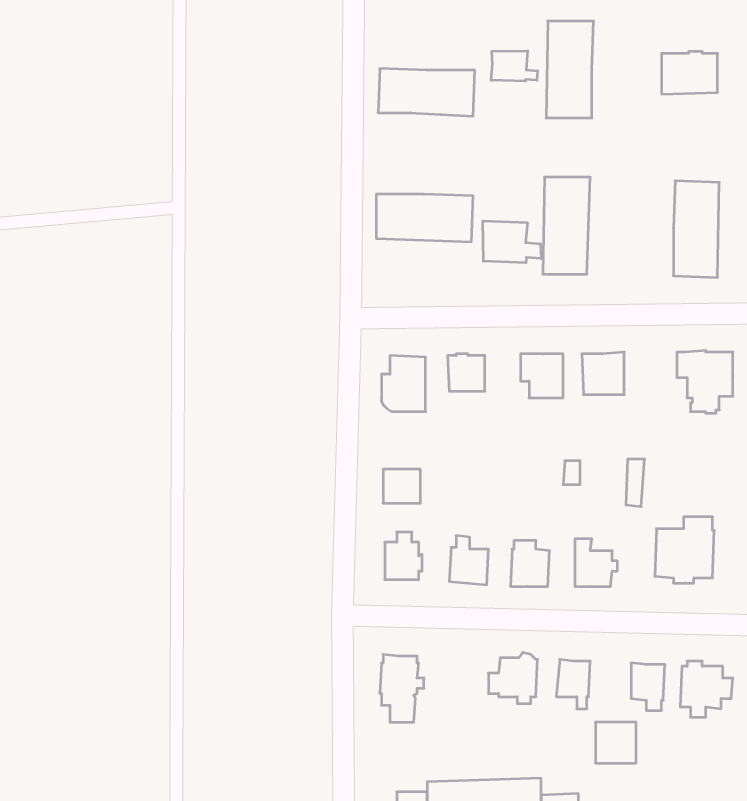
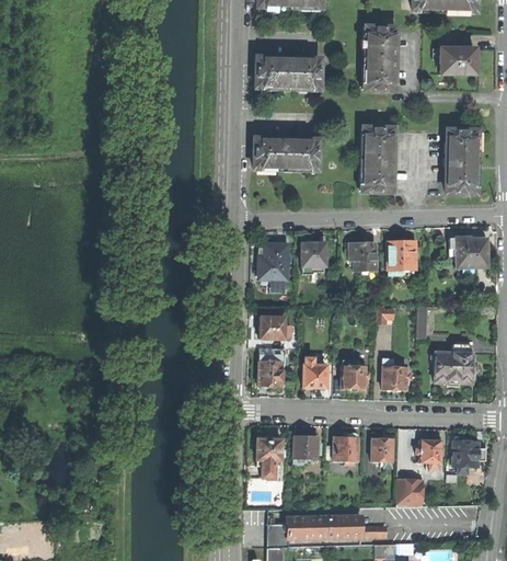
building: [491,51,538,81] -> none
building: [483,221,541,263] -> none
building: none -> [293,436,322,466]

